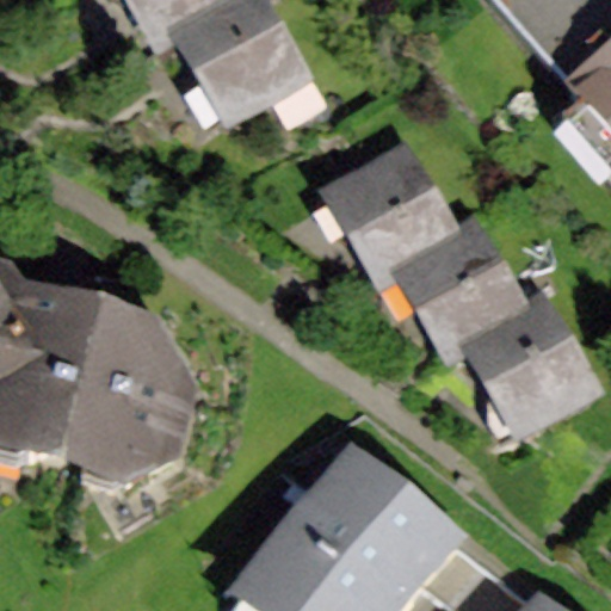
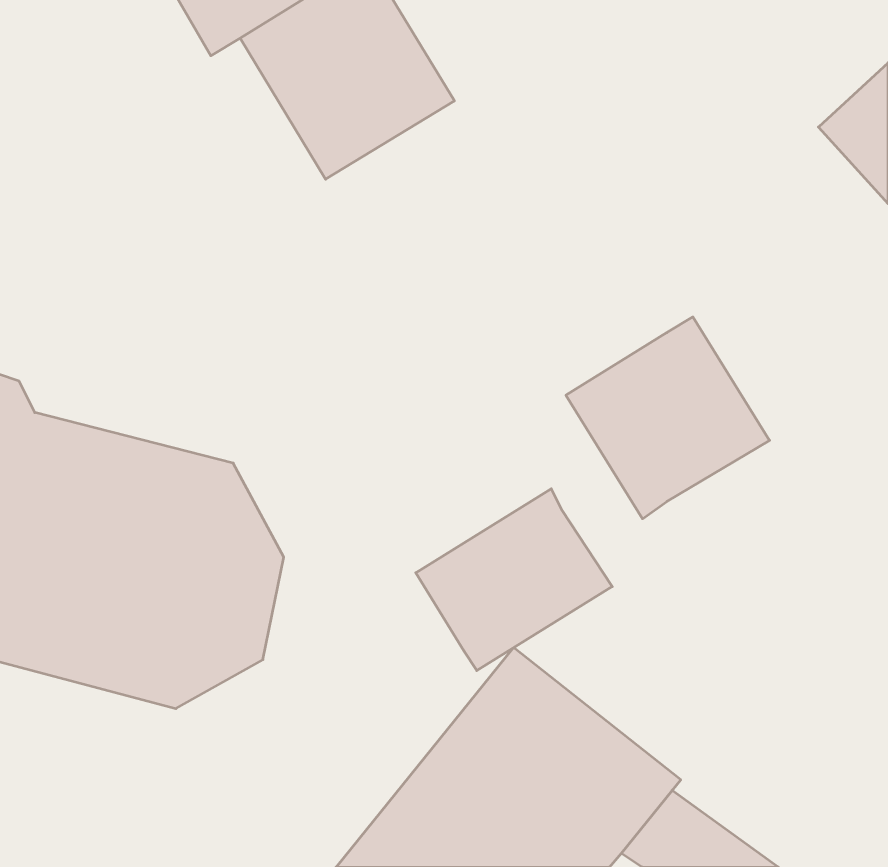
building: [319,137,457,279] -> none
building: [457,291,603,439] -> none
building: none -> [416,489,612,671]

